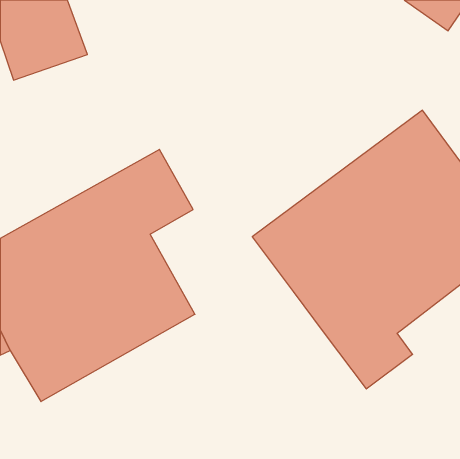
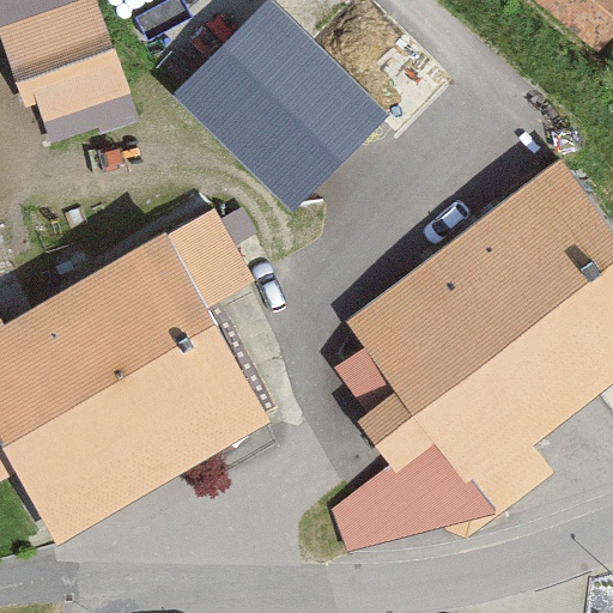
building: none -> [171,20,388,213]
building: none -> [332,392,488,550]

